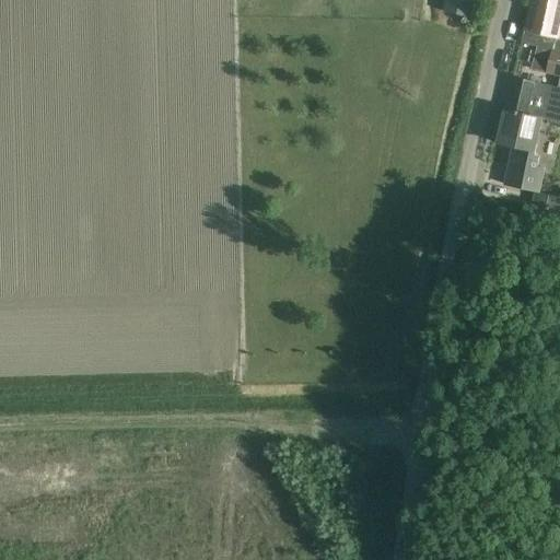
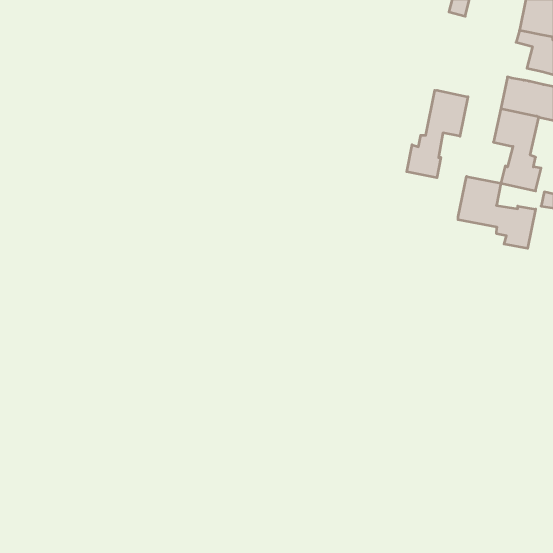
building: none -> [407,90,468,178]
building: none -> [458,176,536,248]

